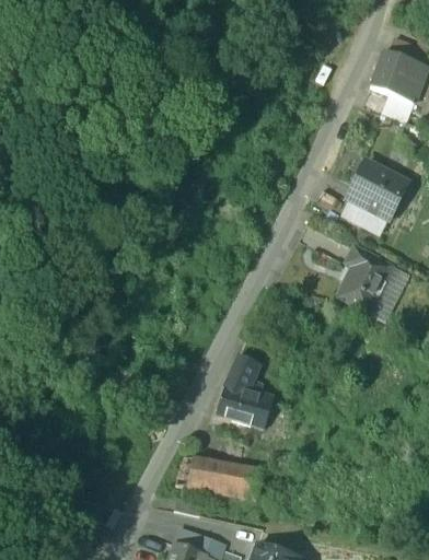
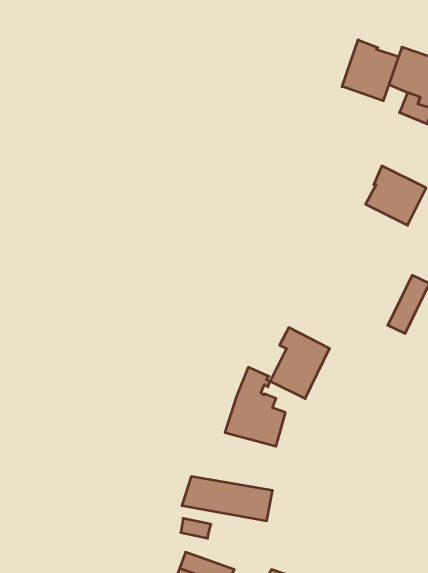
building: none -> [342,40,399,101]
building: [341,199,389,235] -> none
building: [337,246,393,313] -> [270,328,330,399]

